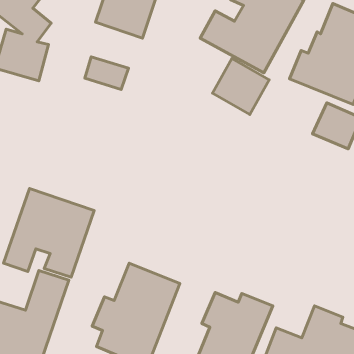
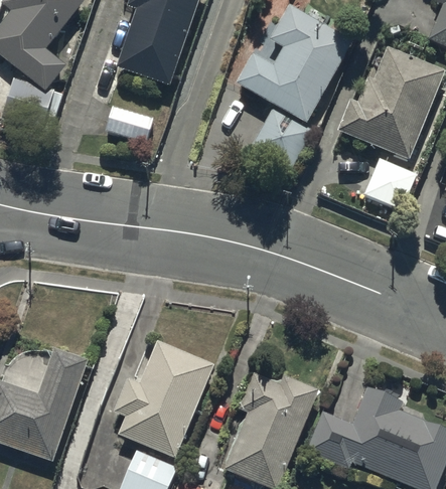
building: [4,188,94,277] -> none

